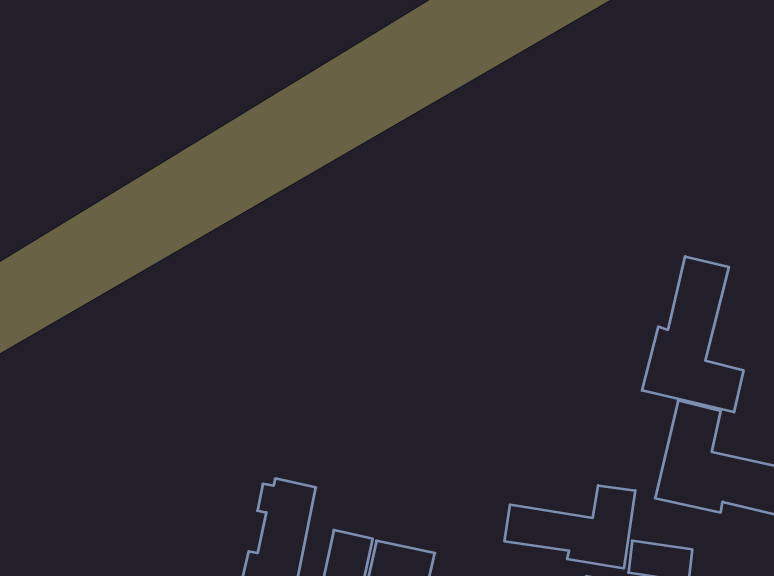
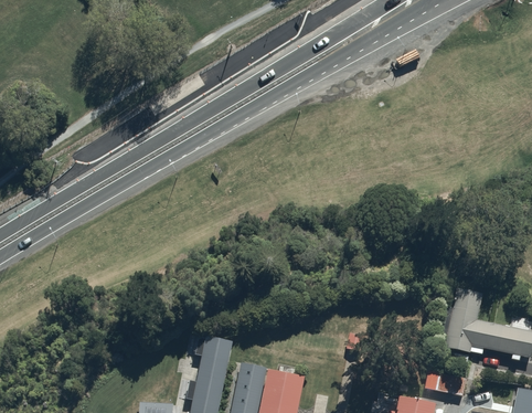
building: [642,256,743,412] -> none
building: [505,485,635,568] -> none

